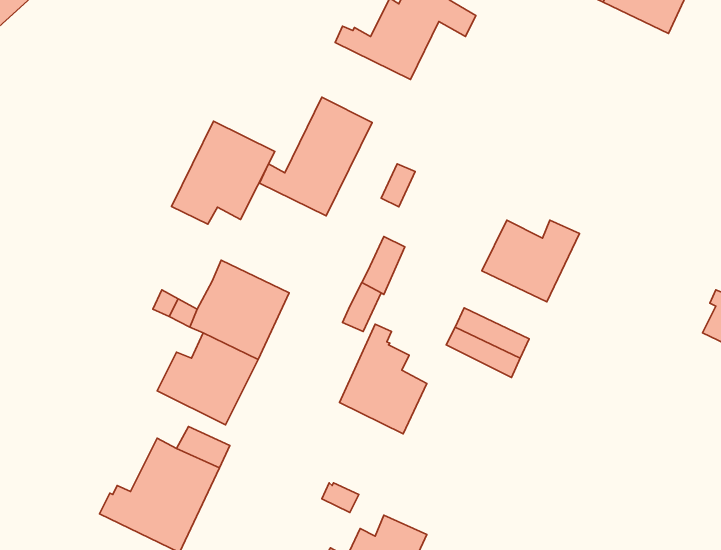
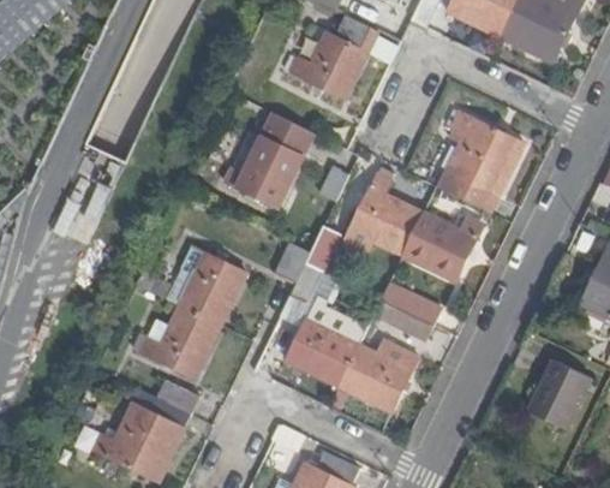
building: none -> [439,108,524,213]
building: [171,121,275,224] -> none
building: none -> [349,167,423,254]
building: none -> [339,339,418,411]
building: none -> [527,359,590,430]

